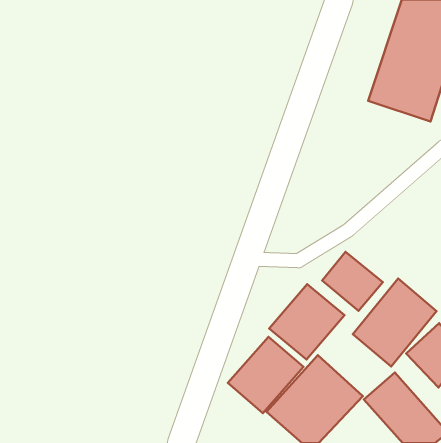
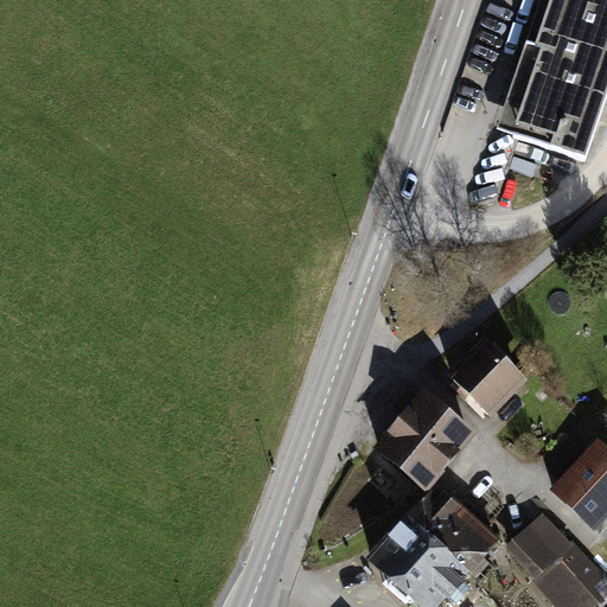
building: [353,279,437,367] -> none
building: [228,337,304,413] -> none

